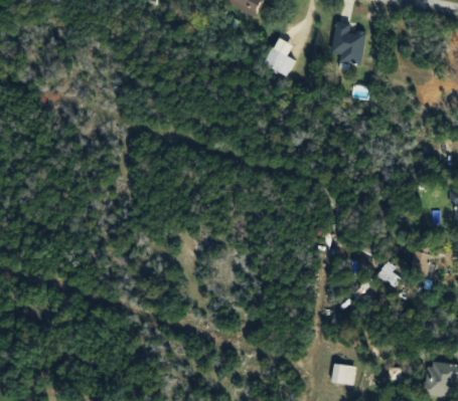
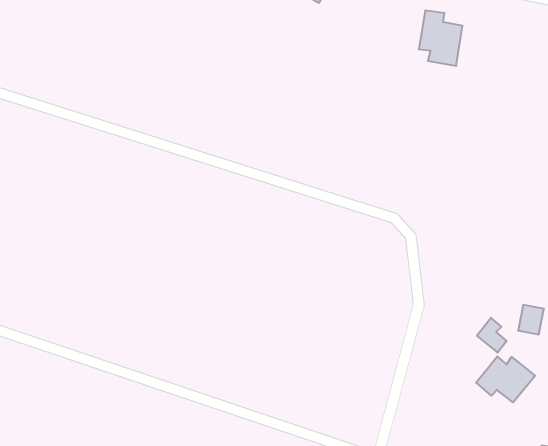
building: [262,47,294,75] -> none
building: none -> [476,356,535,402]

